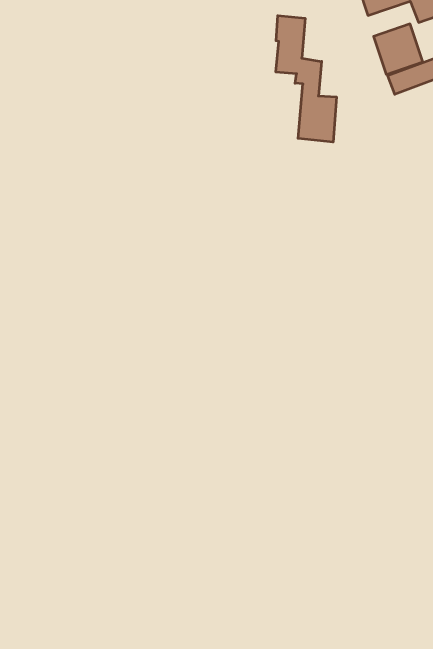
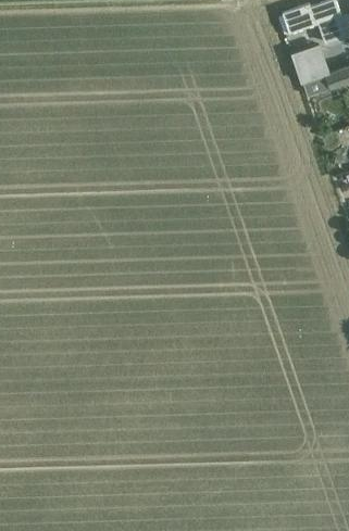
building: [276,16,336,142] -> none

